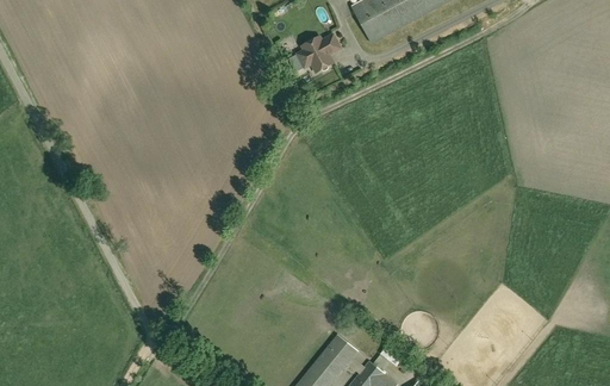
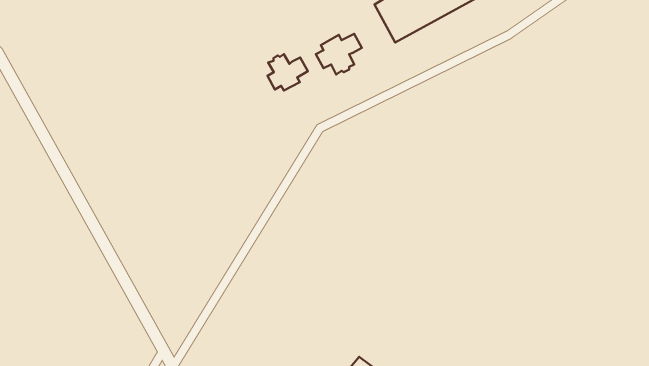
building: none -> [267,54,308,91]

